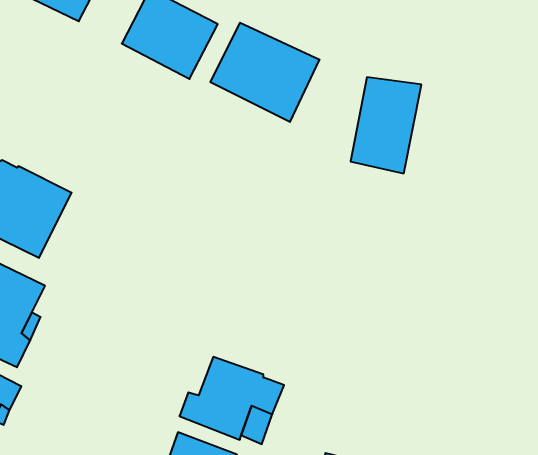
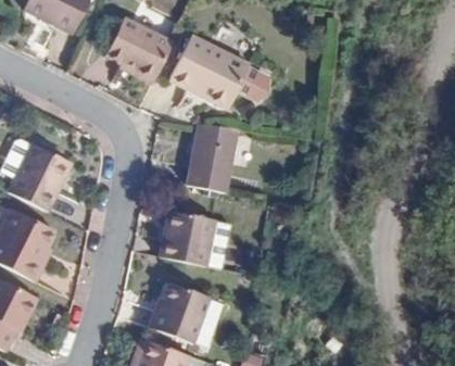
building: [351,77,421,173] -> [189,124,241,194]
building: none -> [161,209,215,264]

